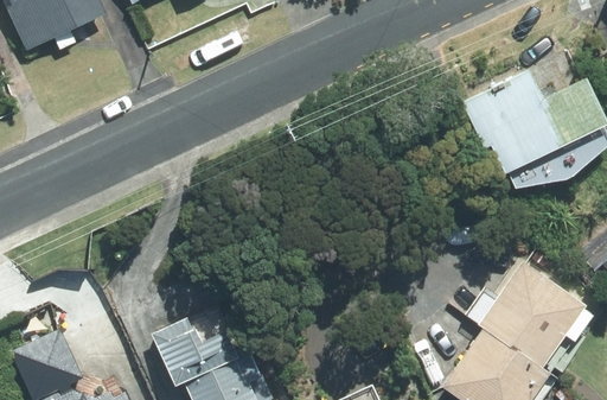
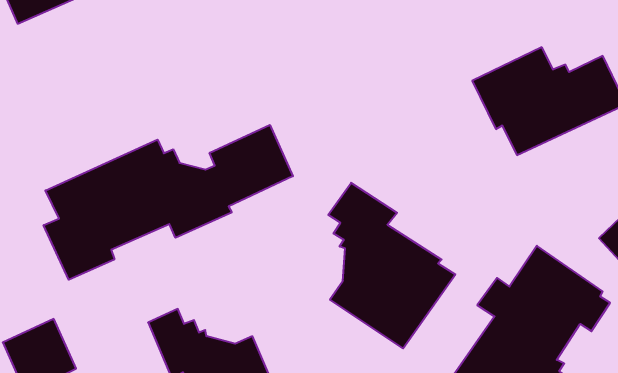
building: none -> [44,125,293,280]
building: none -> [328,183,455,348]

